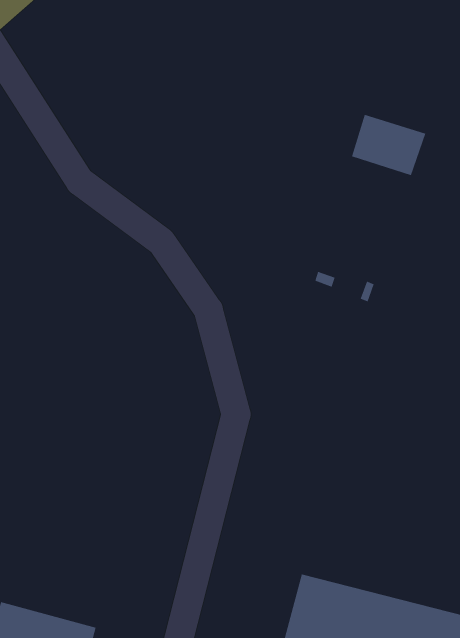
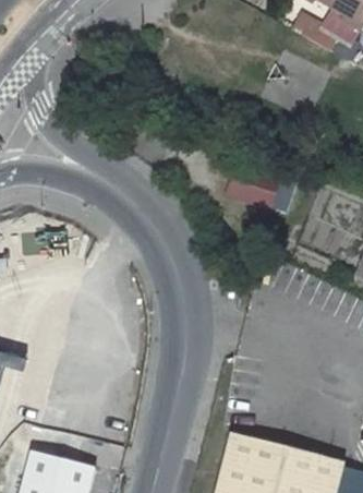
building: [351,114,426,176] -> [229,166,279,207]

